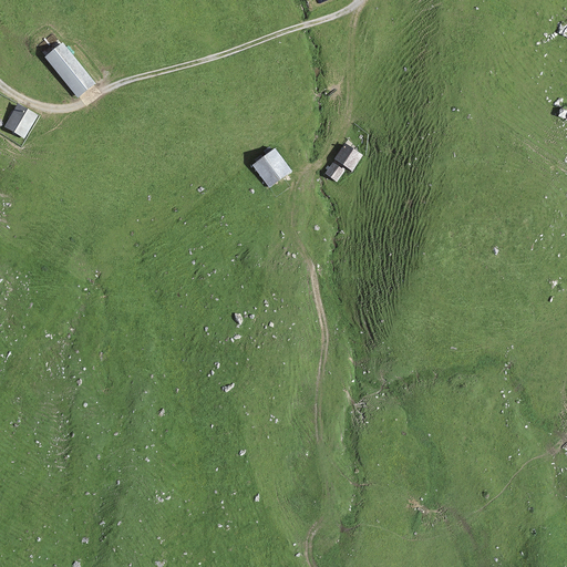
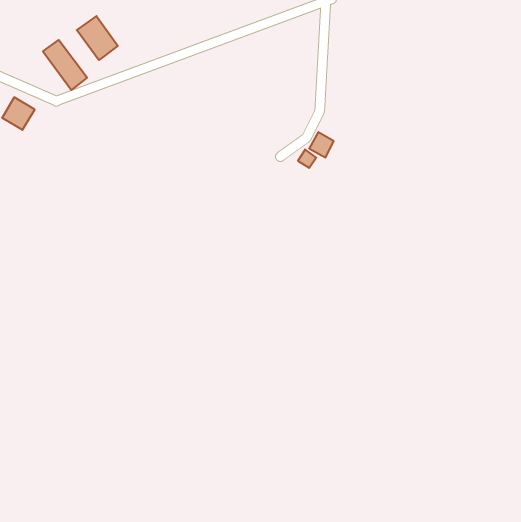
building: none -> [77,16,118,60]
building: [250,146,290,186] -> none

